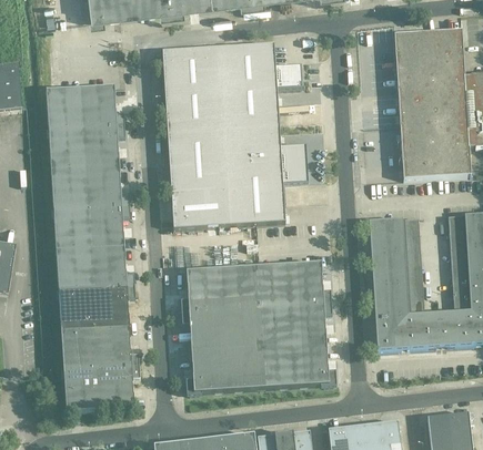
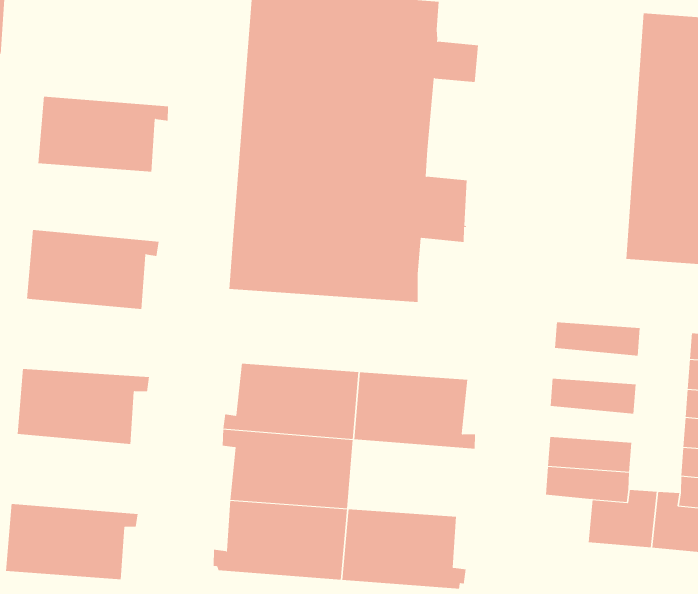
building: [46,86,123,131] -> none
building: [51,166,129,209] -> none
building: [369,234,420,254] -> none
building: [57,247,134,292] -> none
building: [371,268,422,288] -> none
building: [259,301,331,347] -> none
building: [375,321,404,349] -> none
building: [61,327,139,371] -> none

